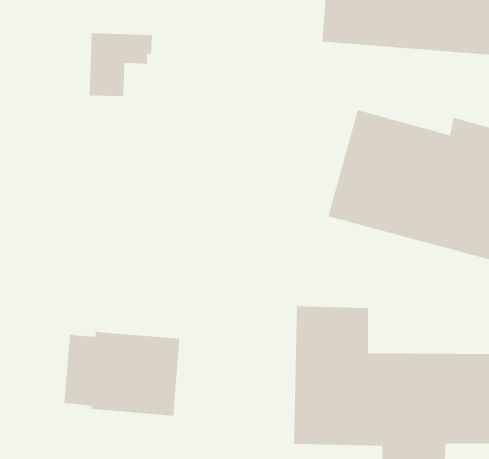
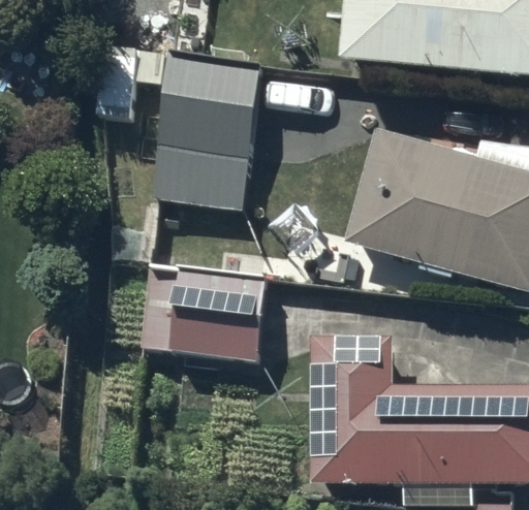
building: none -> [157,60,256,210]
building: [63,332,180,416] -> [143,270,266,359]

